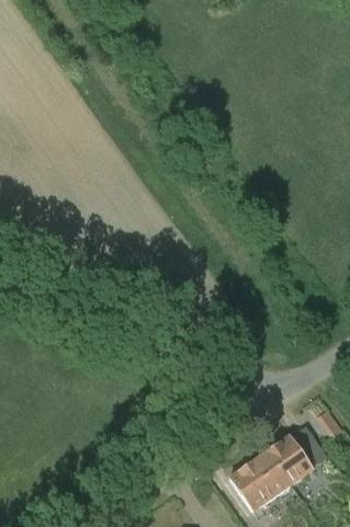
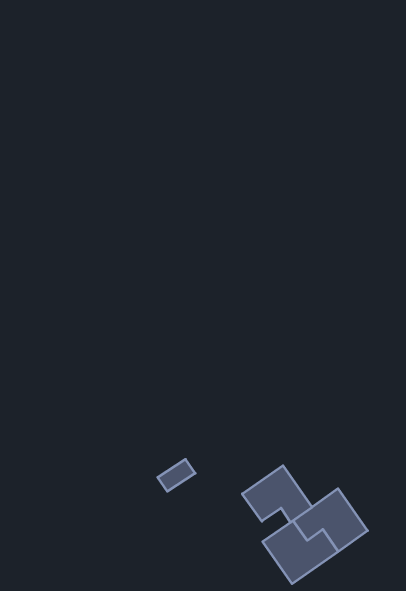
building: none -> [242,466,312,522]

